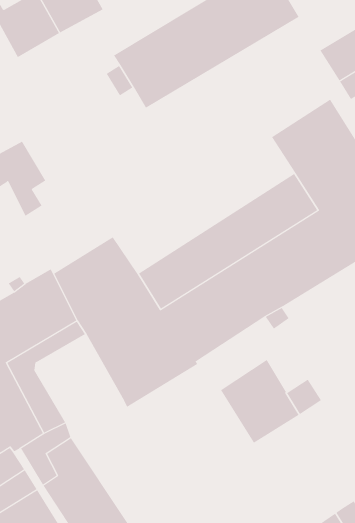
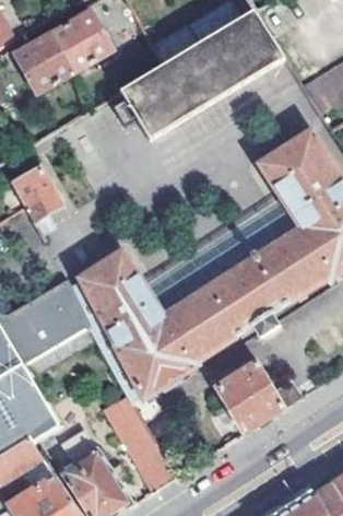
building: none -> [104,395,176,490]

